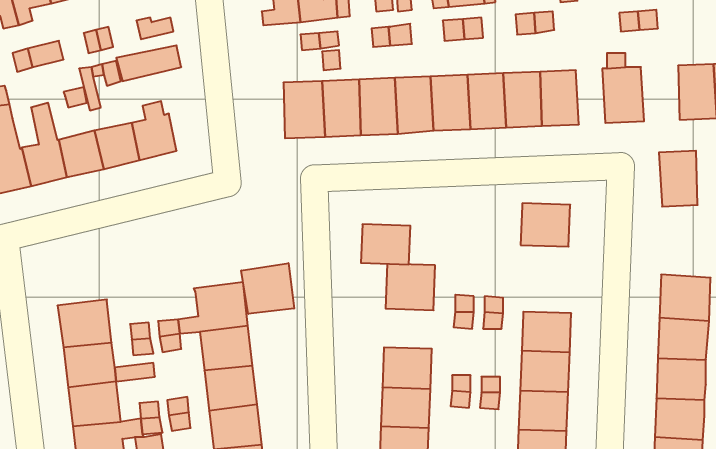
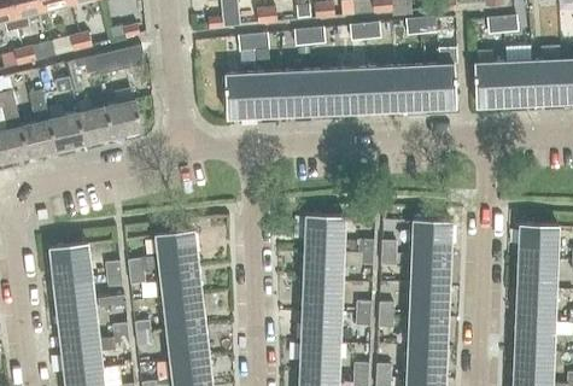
building: [659,151,698,207] -> [503,60,533,104]
building: [521,203,570,247] -> [411,220,450,253]
building: [361,224,410,264] -> [303,250,341,281]
building: [241,263,294,314] -> none

